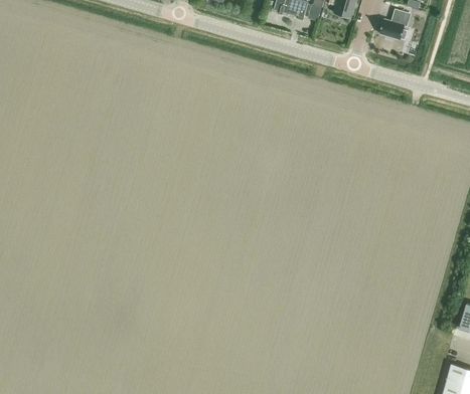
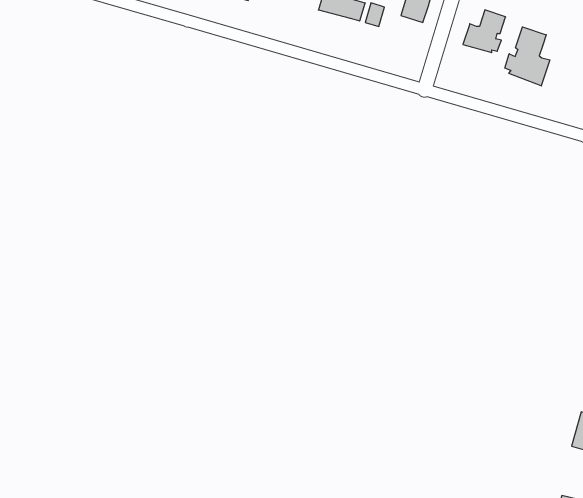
building: none -> [505,27,550,86]

